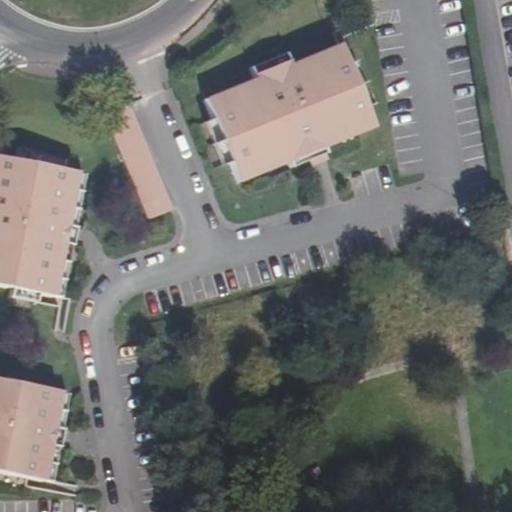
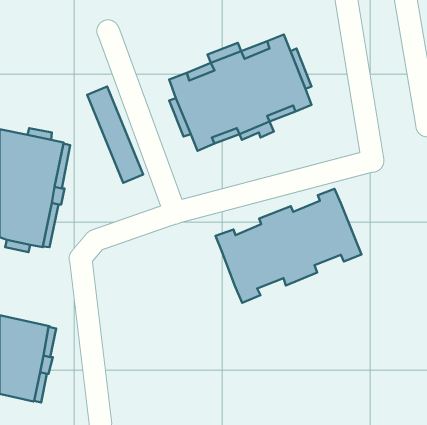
building: none -> [216,189,361,303]

